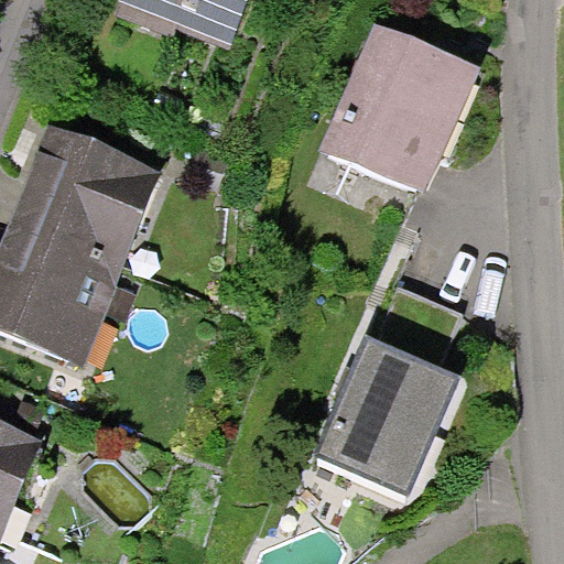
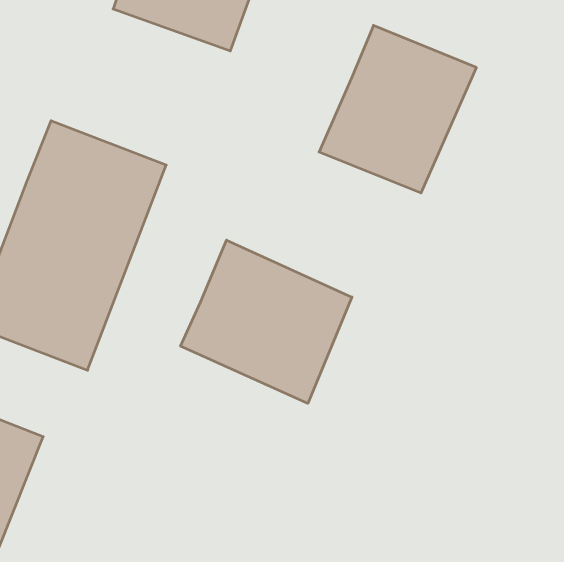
building: none -> [181,240,352,403]
building: [313,288,464,496] -> none

